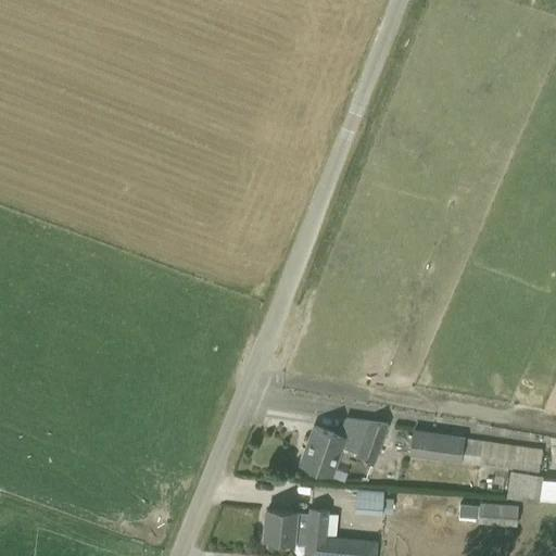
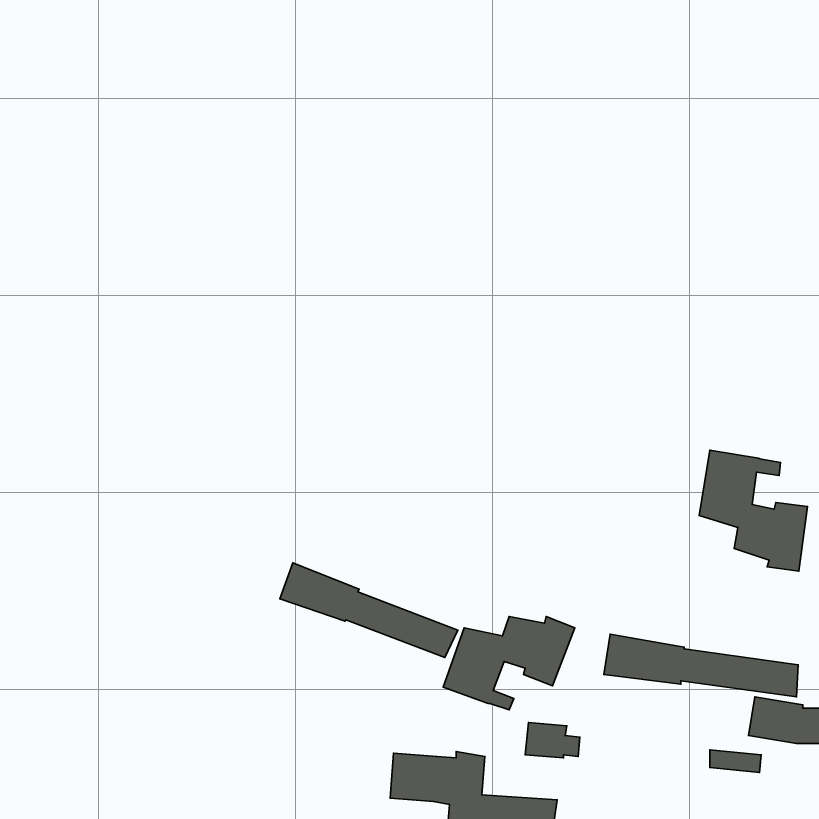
building: none -> [699,450,807,571]
building: none -> [280,563,458,657]

